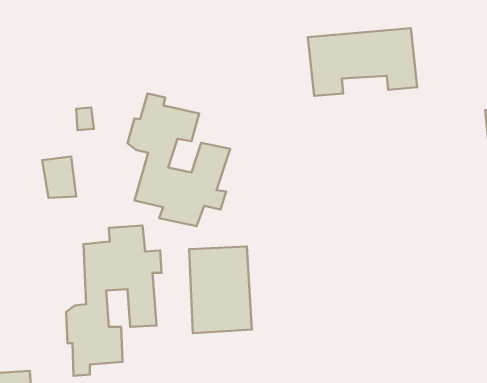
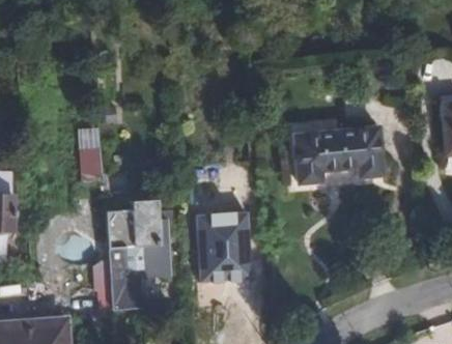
building: [308,28,417,96] -> [292,128,383,184]
building: [127,94,230,226] -> none

